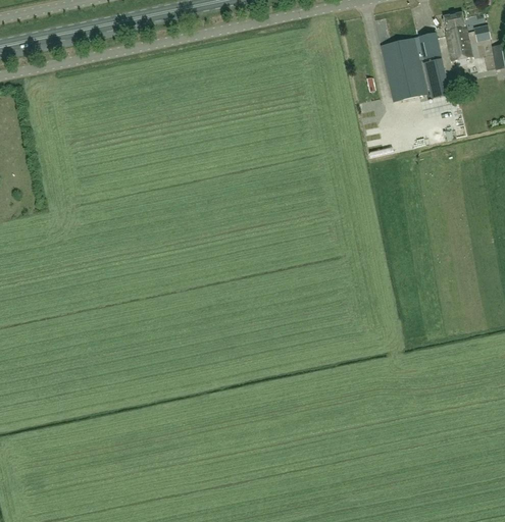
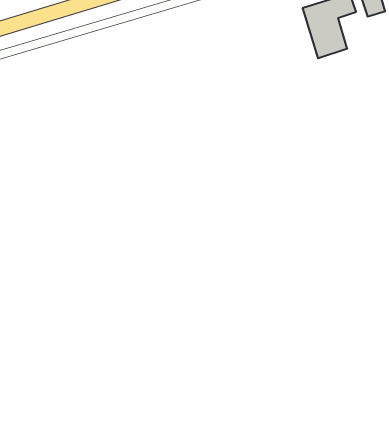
building: [423,57,449,97] -> none

